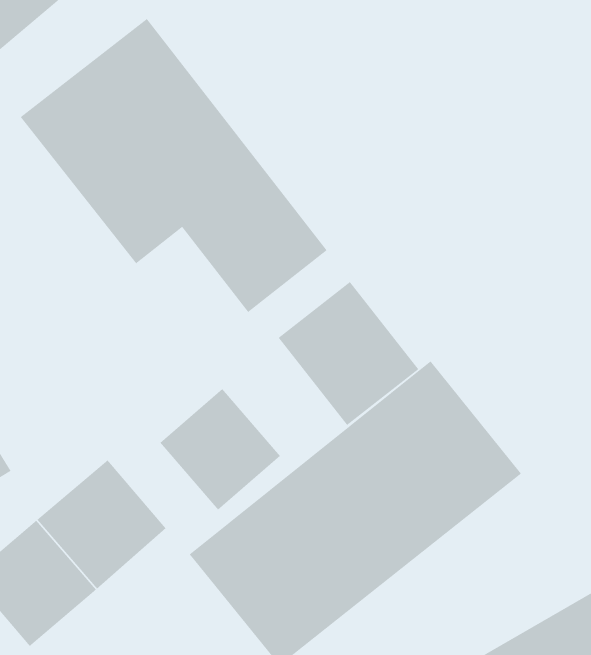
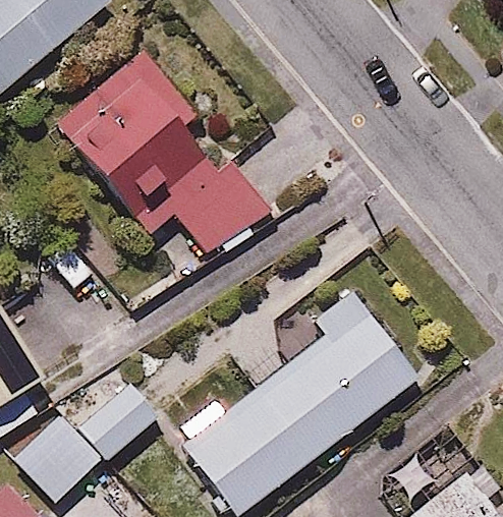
building: [278,281,419,426] -> none
building: [160,388,281,511] -> none

